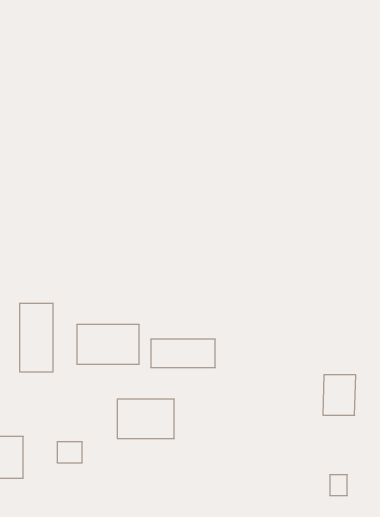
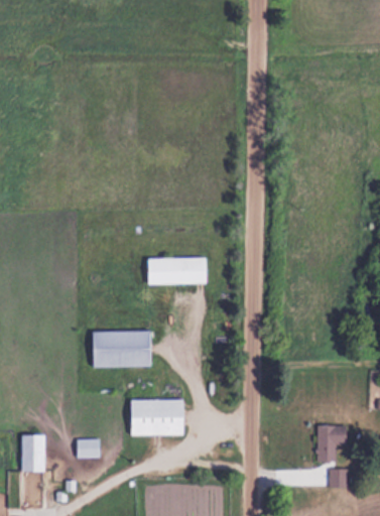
building: [20,303,53,372] -> none
building: [151,339,215,368] -> [148,258,208,284]
building: [323,375,356,415] -> [314,425,345,463]

